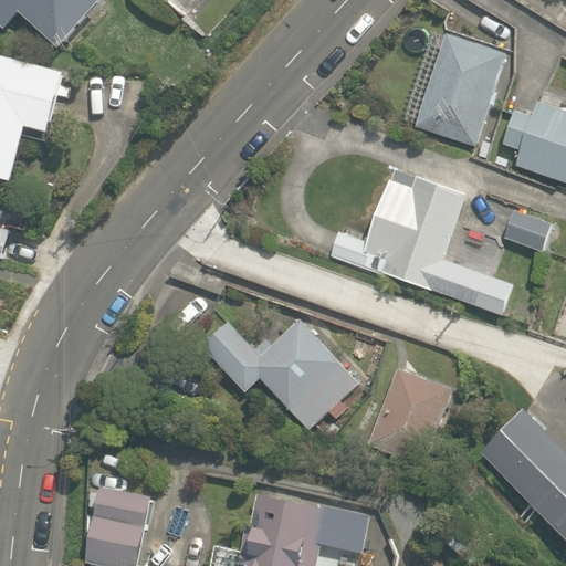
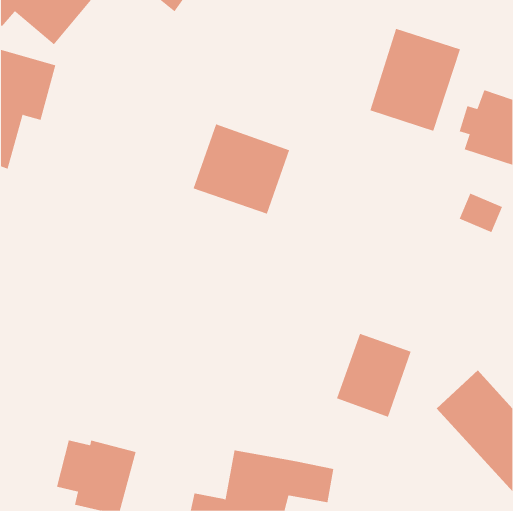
building: none -> [193,123,290,215]
building: [328,167,516,317] -> none
building: [201,318,360,431] -> none

